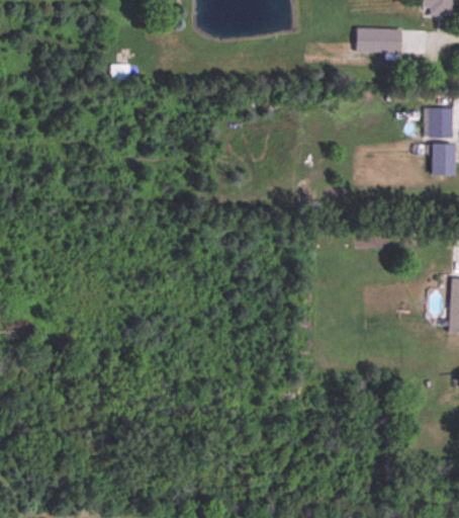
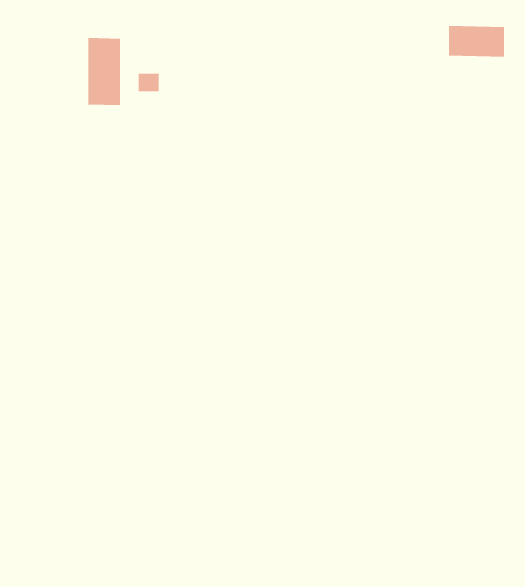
building: none -> [87,37,121,106]

